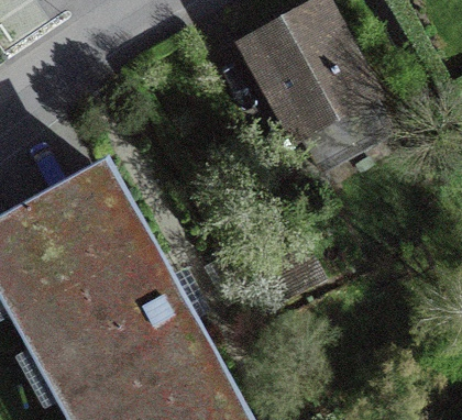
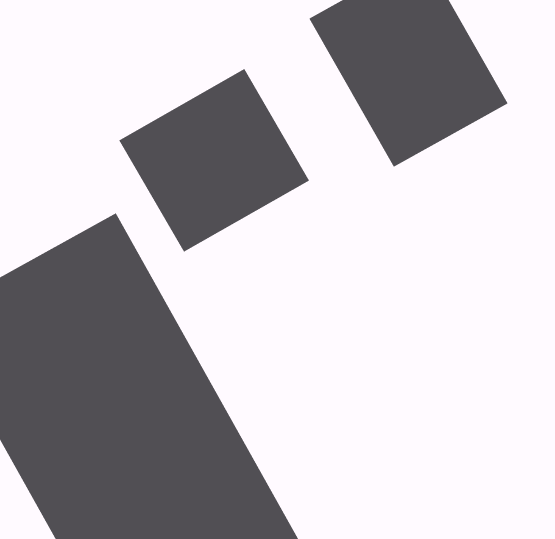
building: none -> [118,68,310,253]

